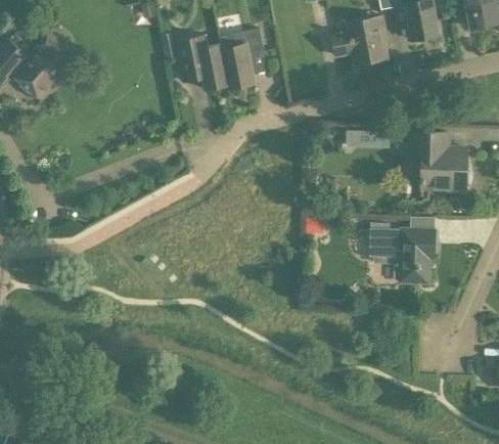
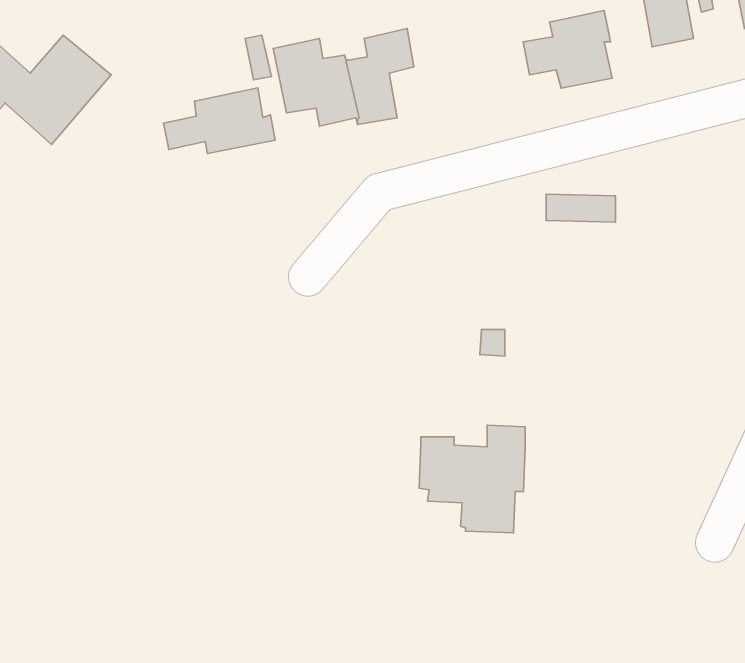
building: none -> [163,88,275,153]
building: [411,131,465,188] -> none
building: [369,216,435,282] -> [419,425,525,533]

